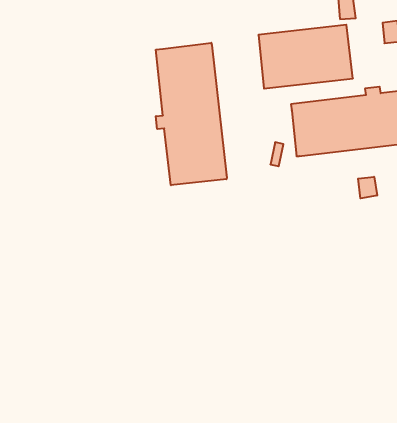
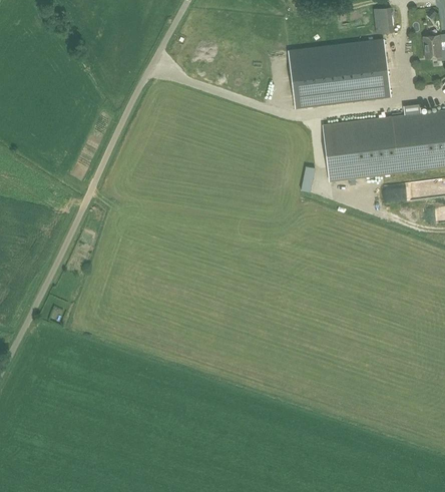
building: [156,43,227,185] -> none
building: [358,177,377,198] -> none

